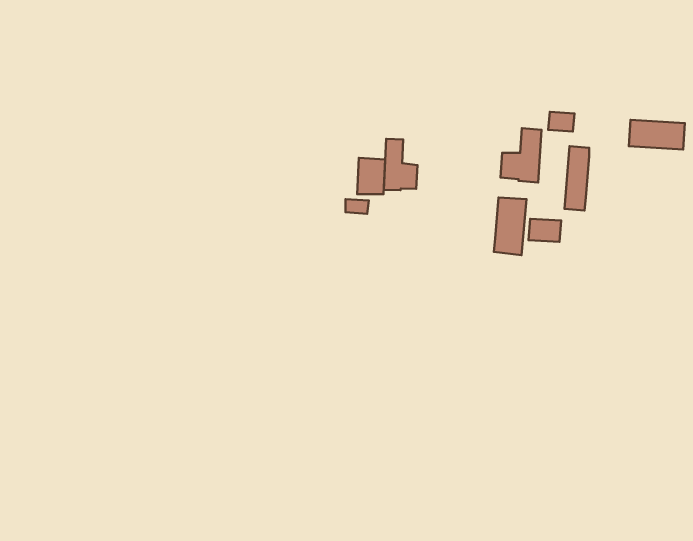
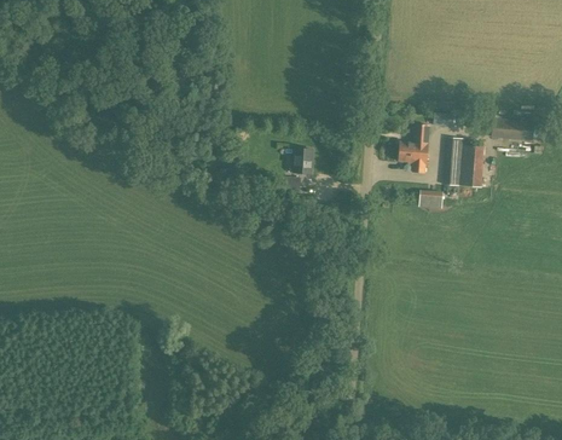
building: [384,139,417,190] -> none
building: [494,197,527,255] -> [459,145,483,187]

